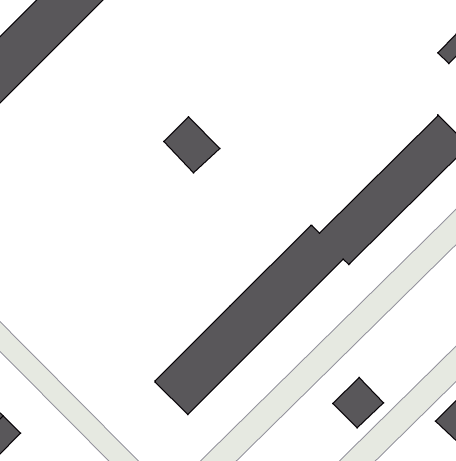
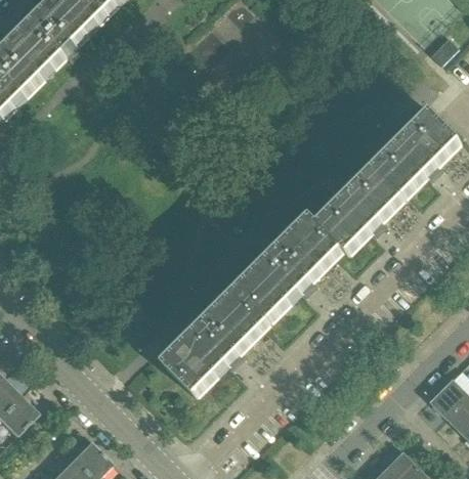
building: [164,117,220,173] -> none
building: [333,377,383,428] -> none

